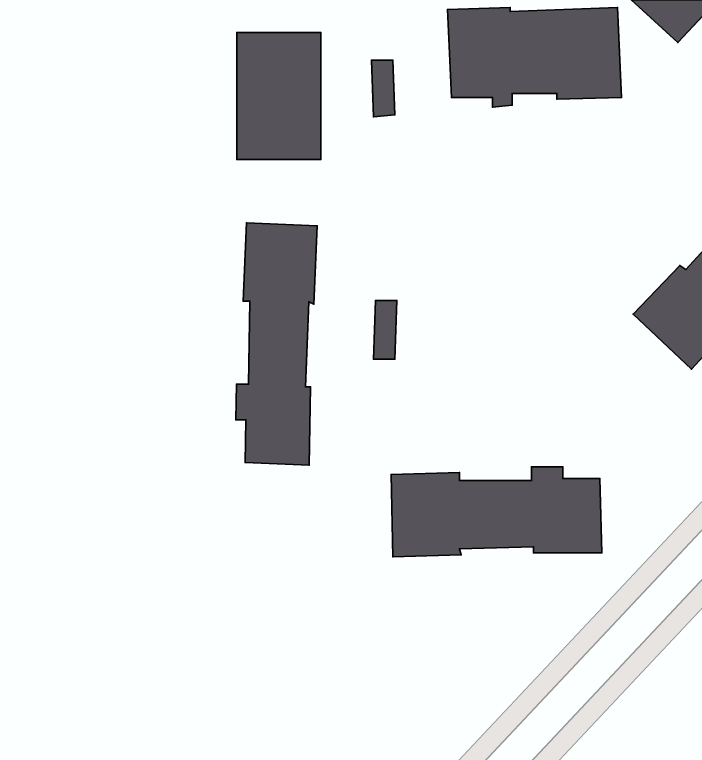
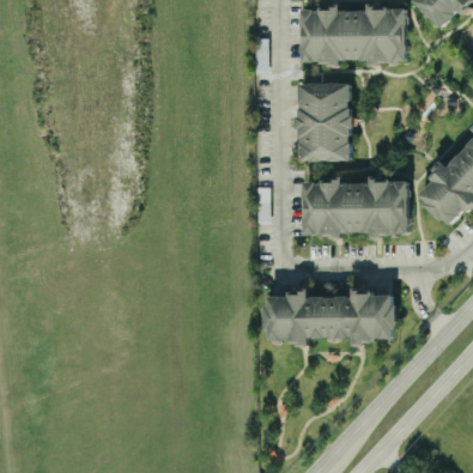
building: [237,32,321,160] -> [299,83,351,160]
building: [236,223,317,465] -> none
building: none -> [304,178,408,235]

